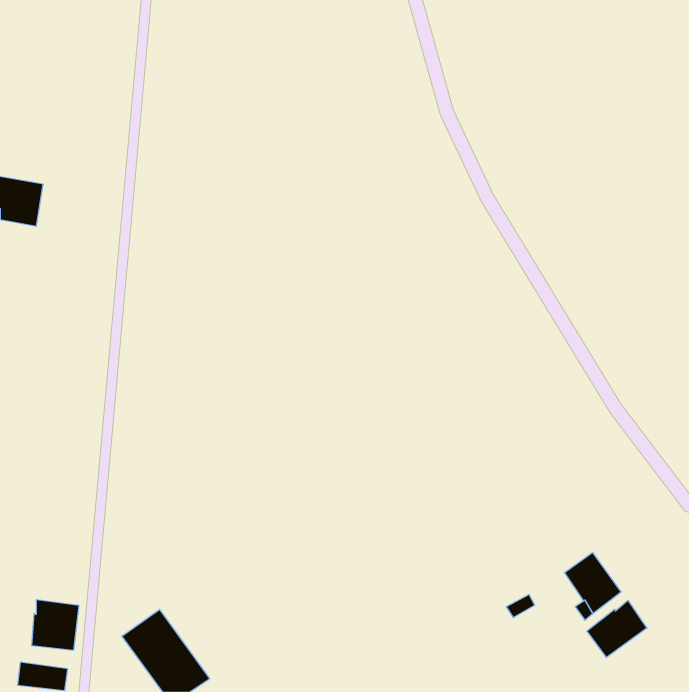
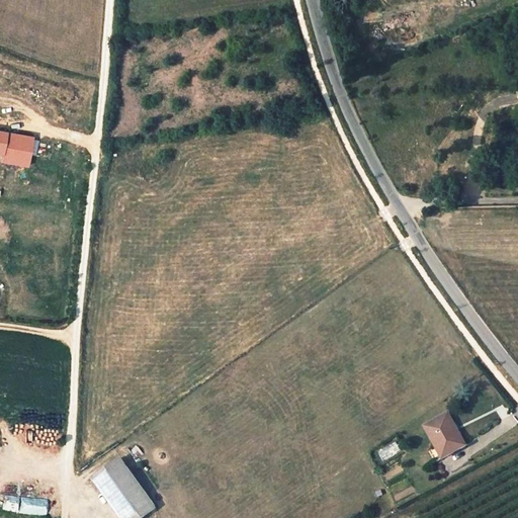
building: [32,599,79,650] -> none
building: [587,600,647,658] -> none

